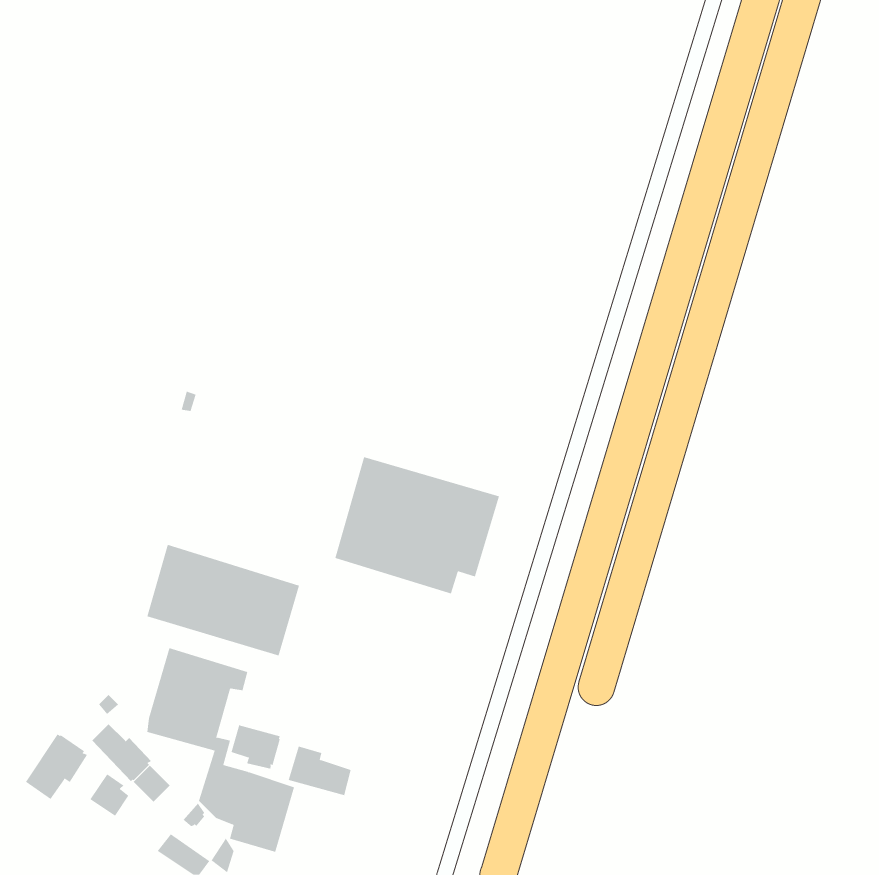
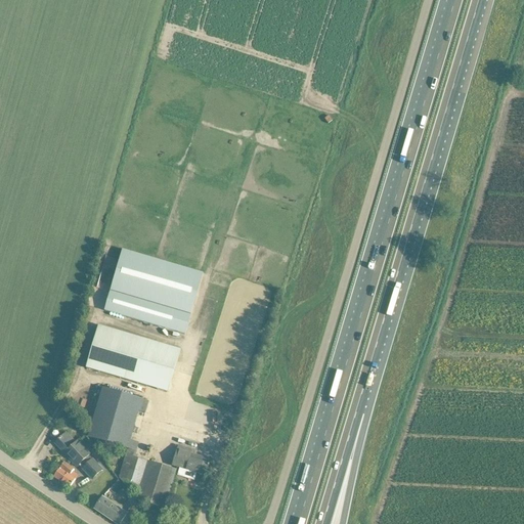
building: [334,456,500,594] -> [104,248,203,330]
building: [231,725,281,770] -> none
building: [25,733,88,800] -> none

